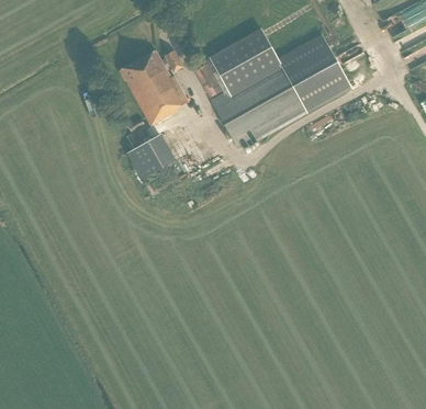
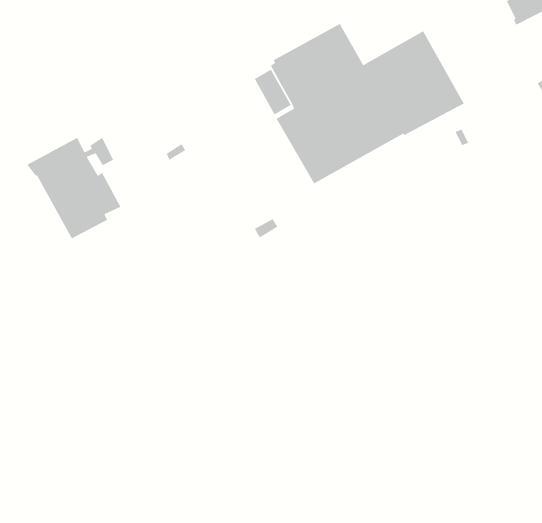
building: [117,49,189,126] -> [26,137,121,239]
building: [126,135,176,180] -> none

